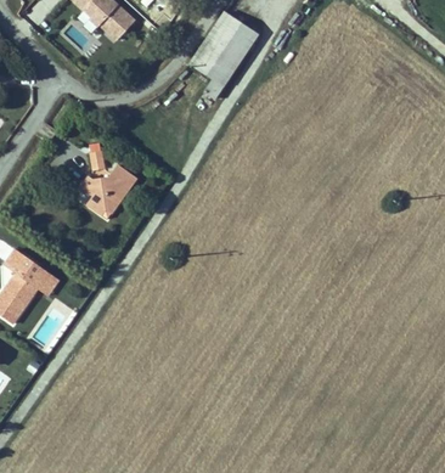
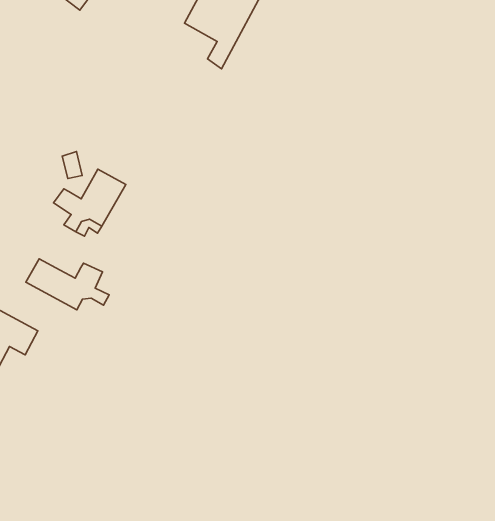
building: none -> [26,259,109,310]

